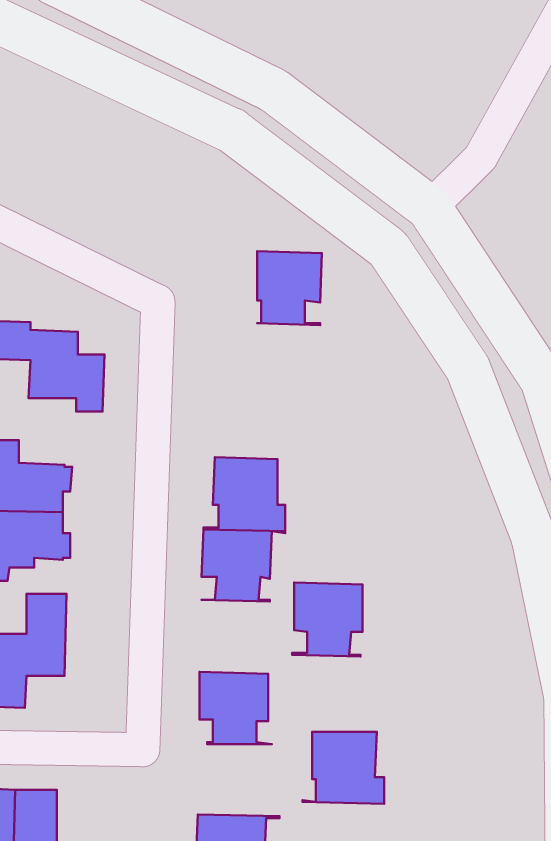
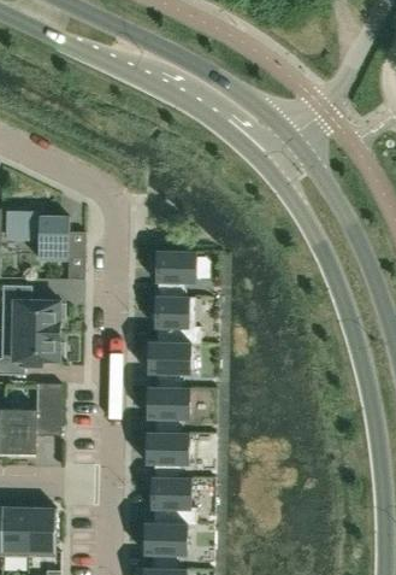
building: [257,251,322,325] -> [155,251,196,298]
building: [292,583,362,657] -> [146,387,190,434]
building: [303,732,384,804] -> [144,479,196,524]

